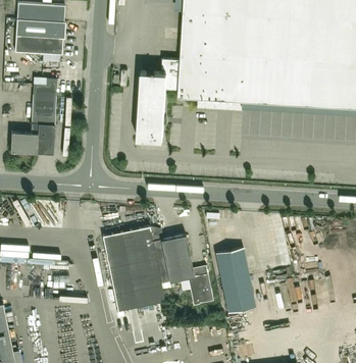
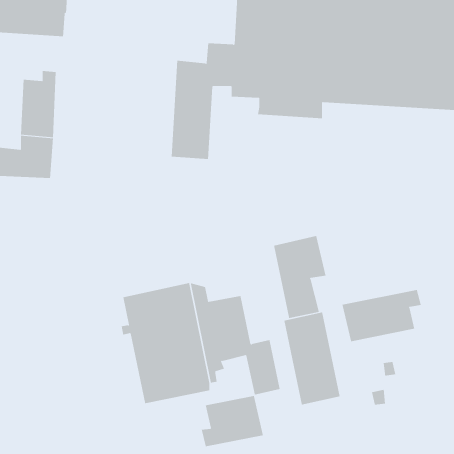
building: none -> [274,235,326,319]
building: none -> [342,289,422,342]
building: none -> [201,395,264,447]

